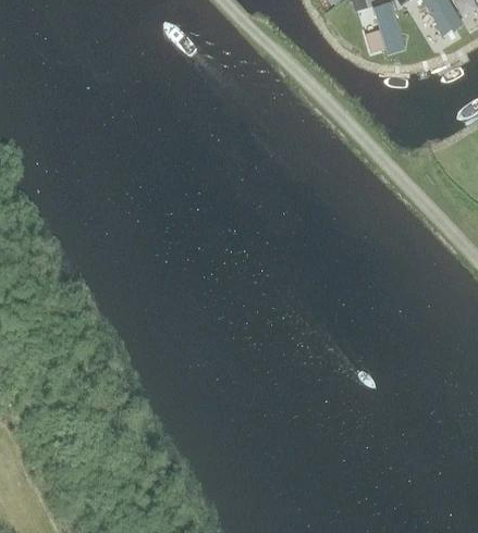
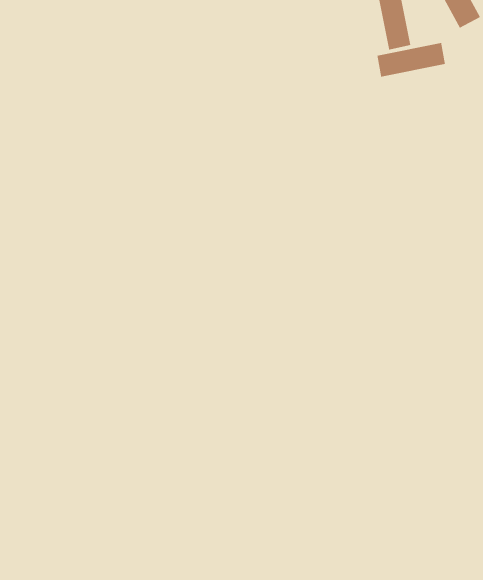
building: none -> [377,42,445,78]

